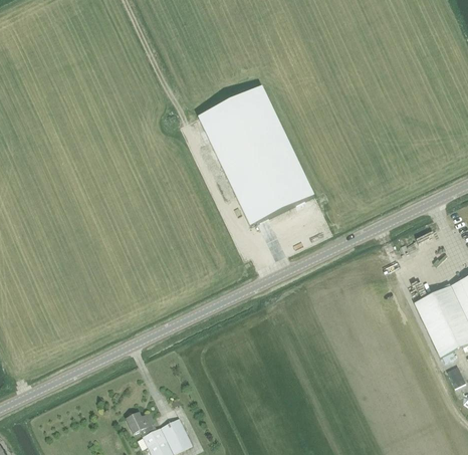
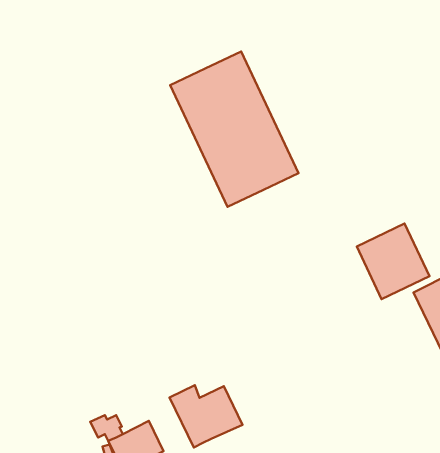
building: none -> [357,223,429,299]
building: none -> [170,385,243,448]

